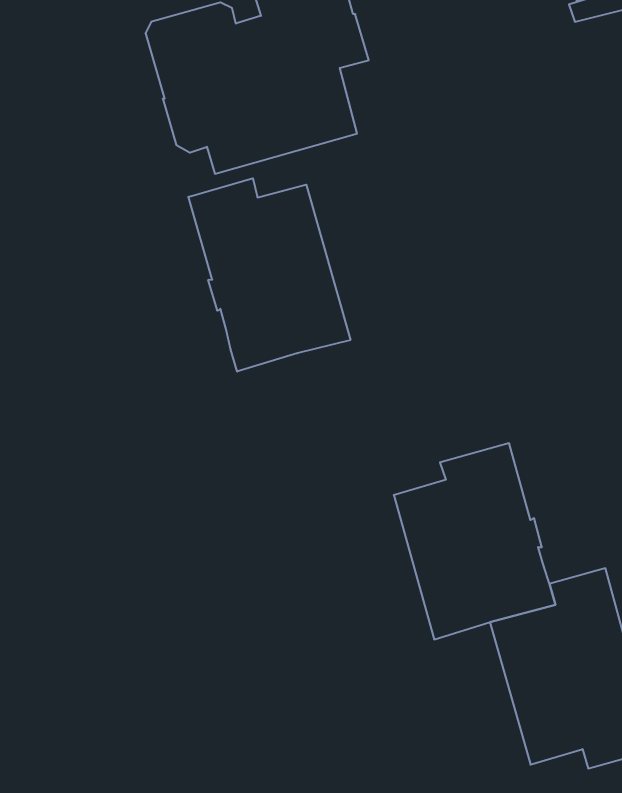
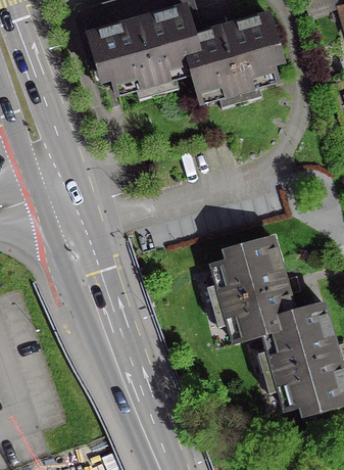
building: none -> [184,15,279,104]
building: [188,178,350,372] -> none

